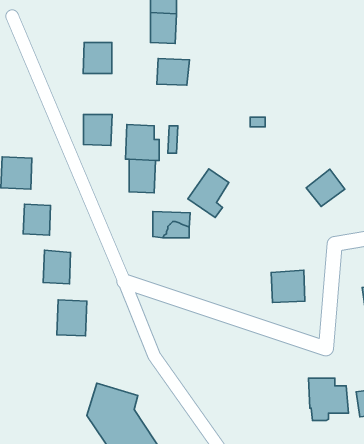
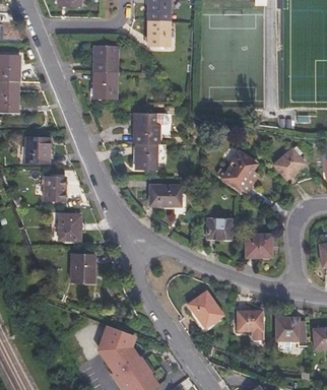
building: [157,59,190,85] -> none
building: [84,115,112,146] -> [92,70,116,95]
building: [188,169,229,217] -> [221,152,255,192]
building: none -> [207,218,232,239]
building: none -> [187,288,223,329]
building: none -> [237,313,263,334]

